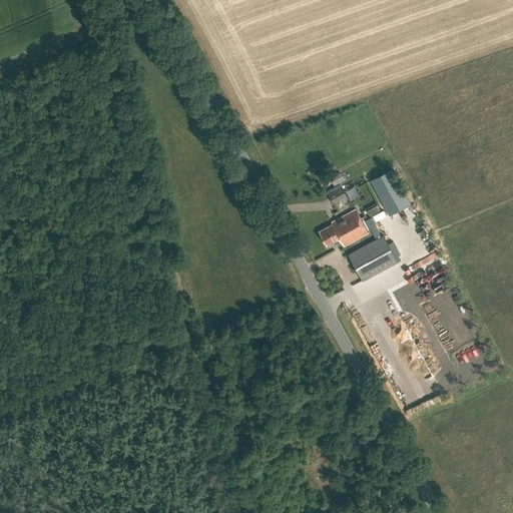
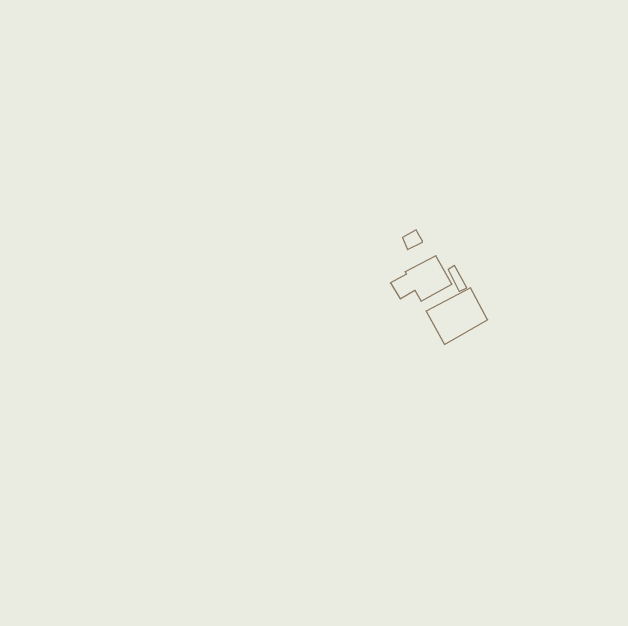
building: [369,169,410,216] -> none

